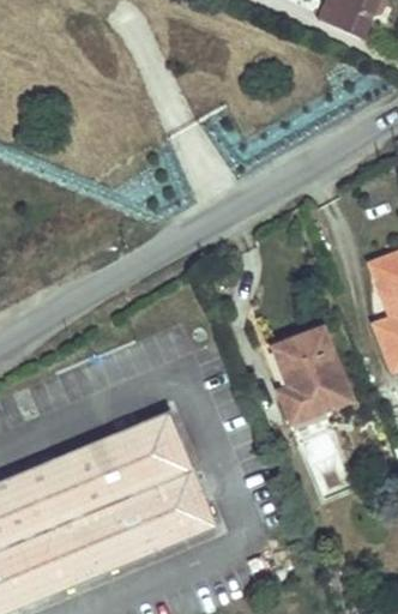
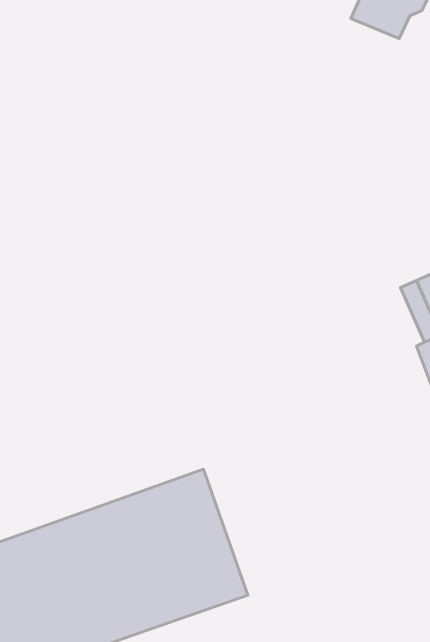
building: [272,323,350,419] -> none

